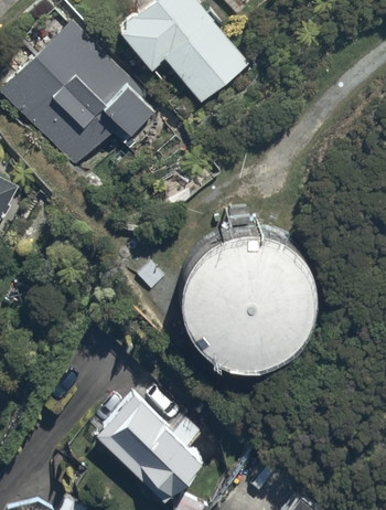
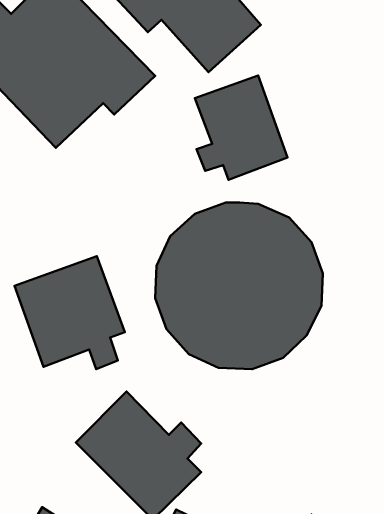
building: none -> [195,76,288,180]
building: none -> [14,256,125,369]

